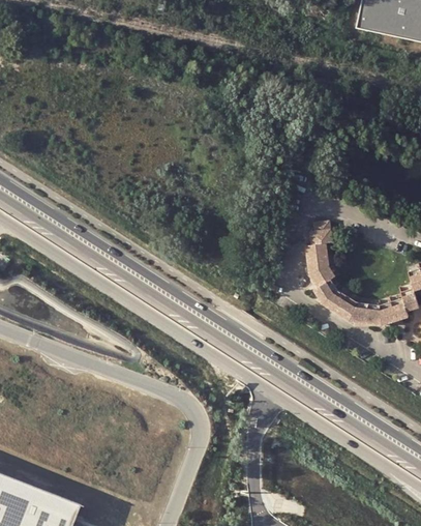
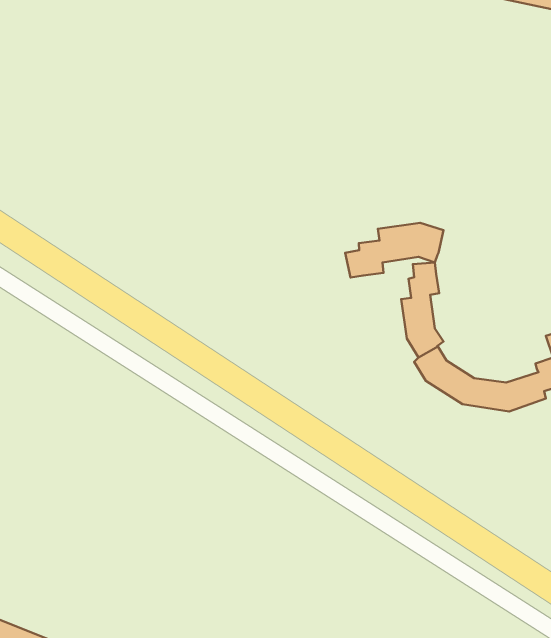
building: none -> [345,223,443,278]

